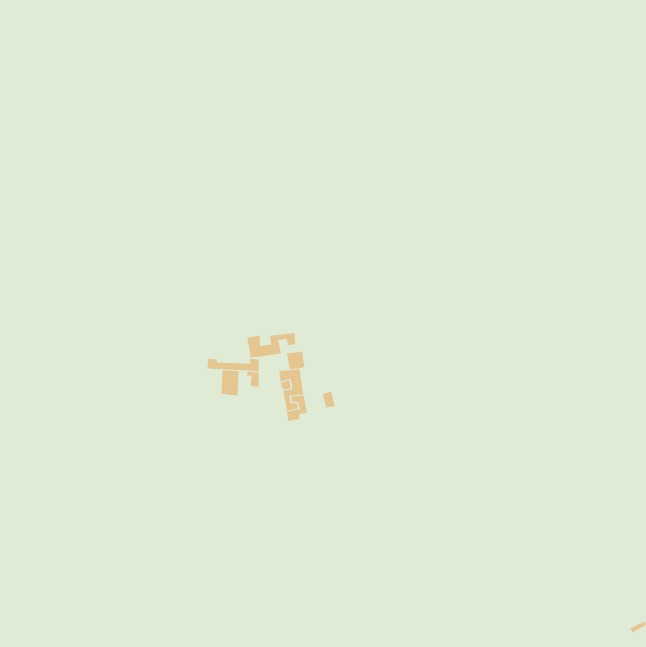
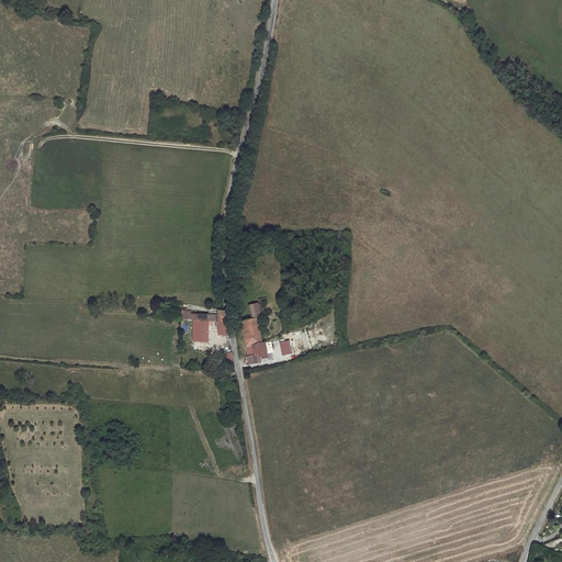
building: [247,332,296,358] -> none

